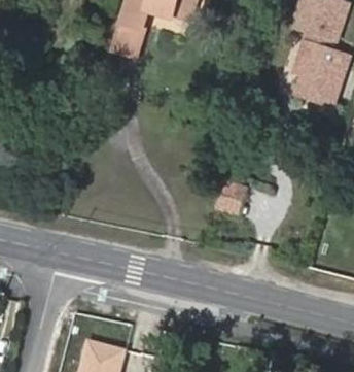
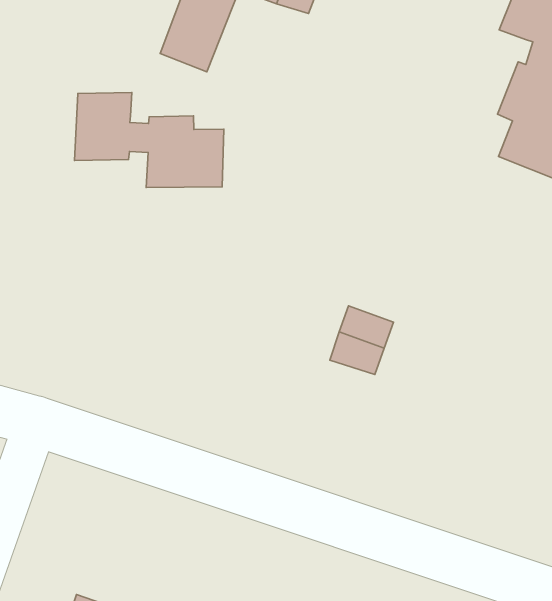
building: none -> [74,92,224,187]

